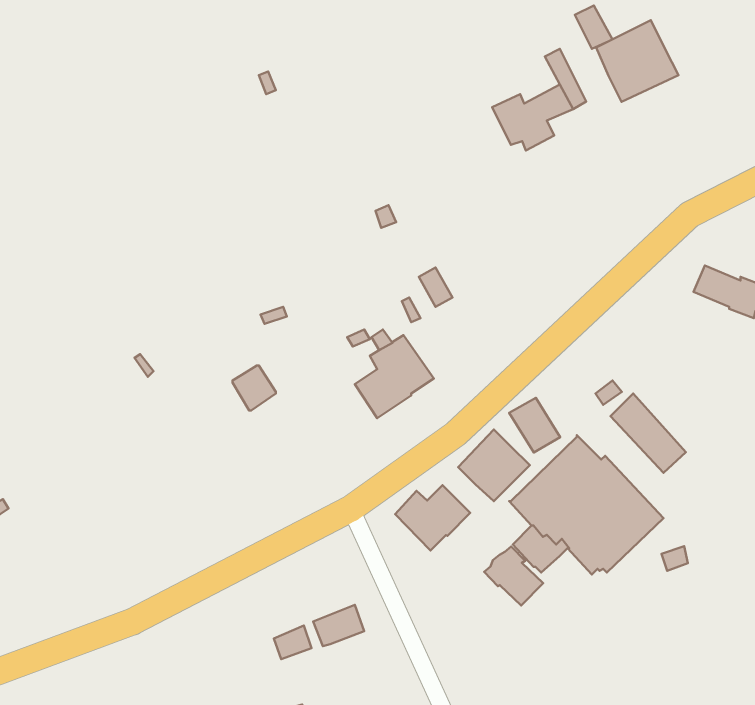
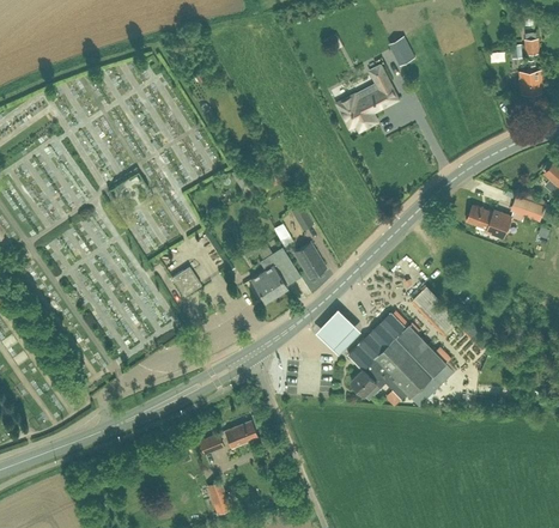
building: [596,20,678,102] -> none
building: [509,398,560,452] -> [293,243,326,278]
building: [395,485,470,551] -> none
building: [484,546,543,606] -> none

